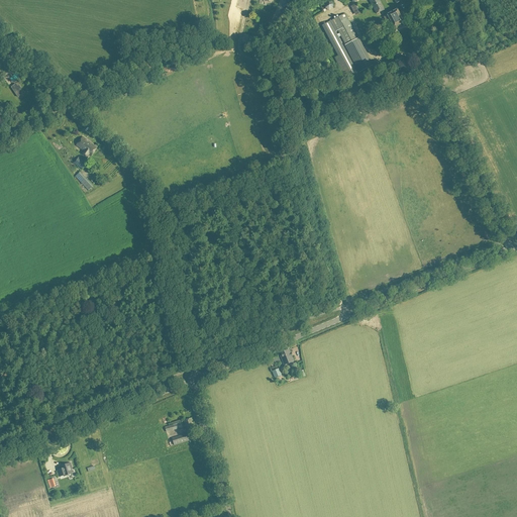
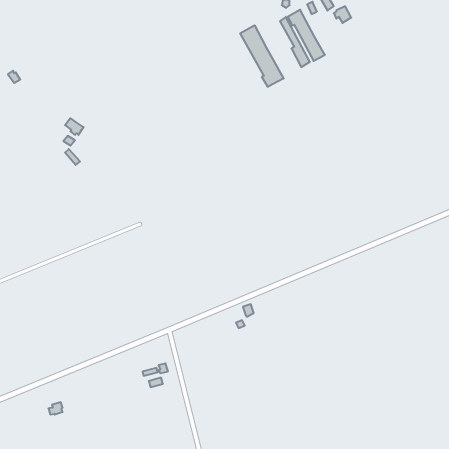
building: none -> [240,25,284,87]

